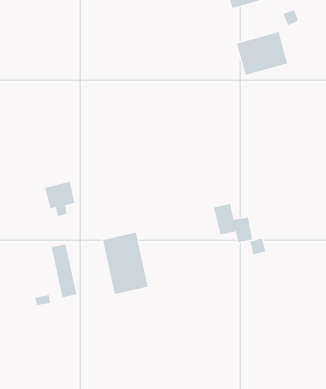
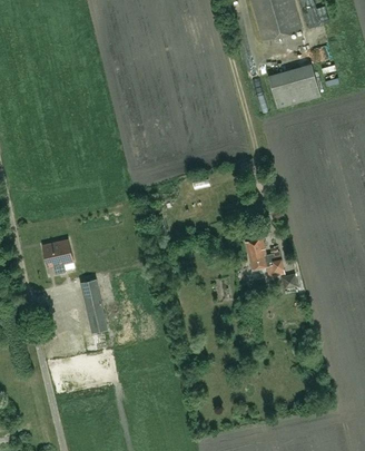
building: [44,181,75,216] -> [42,238,73,274]
building: [102,232,148,295] -> none

